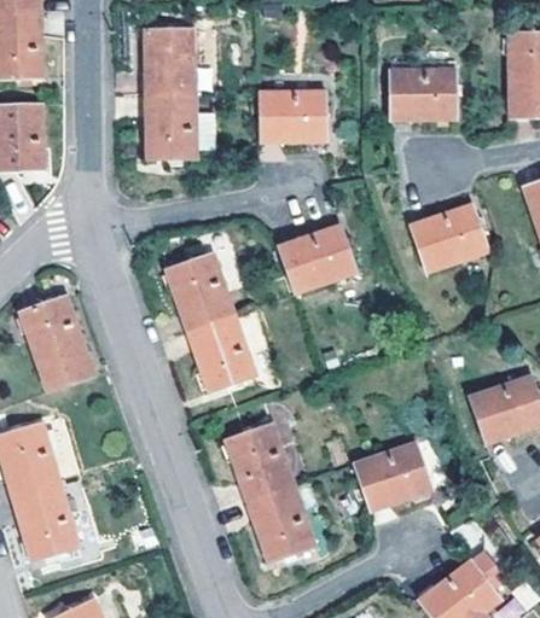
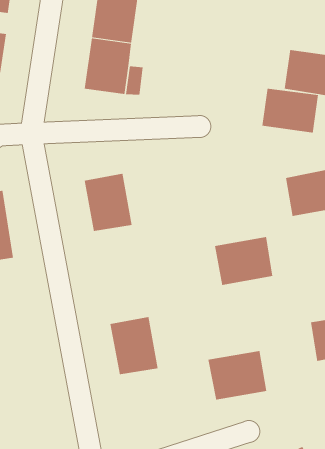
building: [260,88,326,138] -> [262,88,319,133]
building: [277,225,355,293] -> [214,237,273,285]
building: [186,314,255,391] -> none
building: [246,484,315,562] -> none

